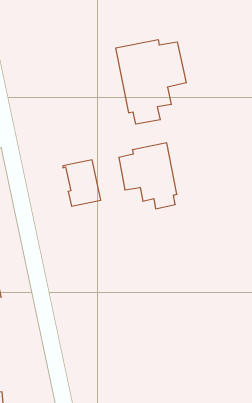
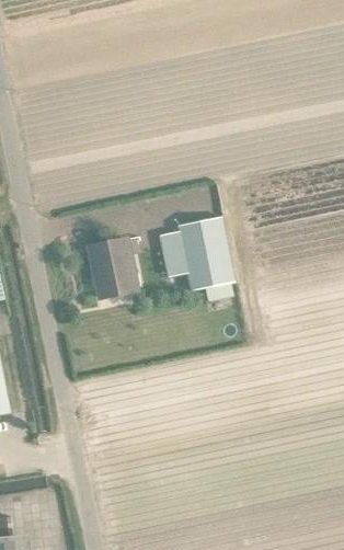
building: [116,40,186,124] -> none

